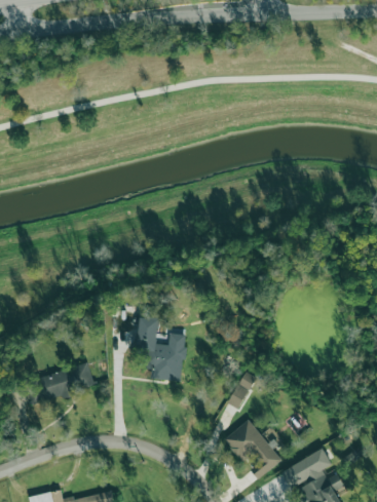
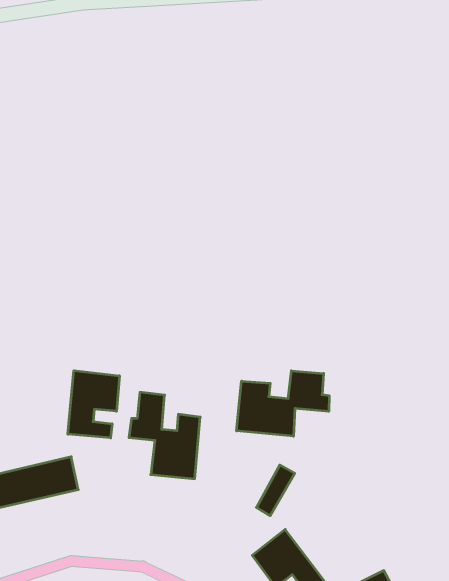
building: none -> [68,371,119,438]
building: none -> [237,371,329,436]

